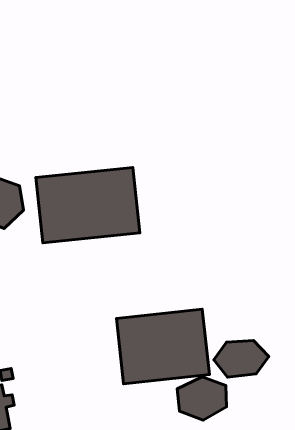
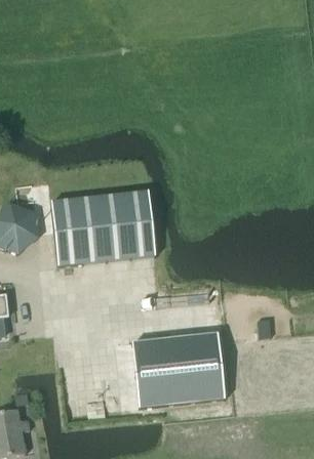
building: [214,341,269,377] -> none
building: [177,377,226,420] -> none

